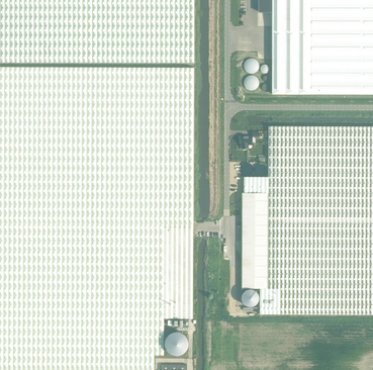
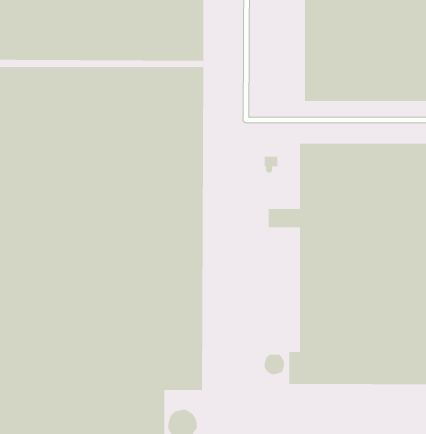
building: [242,191,268,287] -> none

